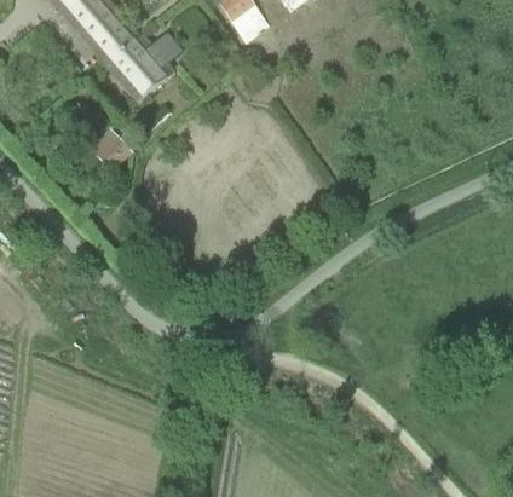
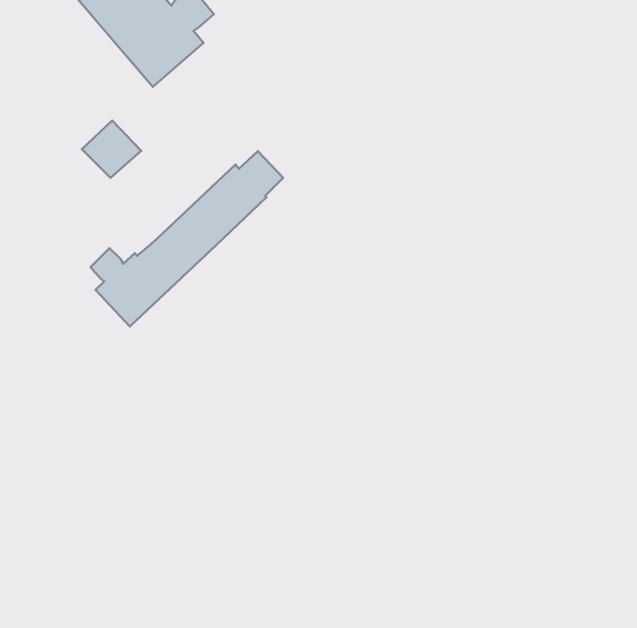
building: none -> [90,151,283,327]

